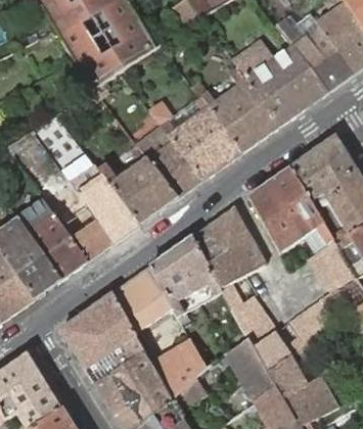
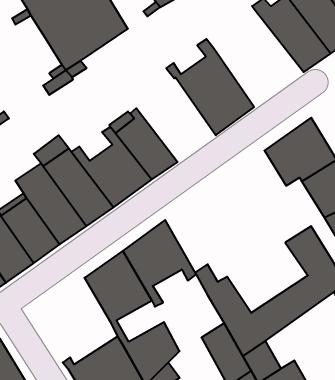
building: [232,37,328,125] -> none
building: [149,95,241,179] -> none
building: [248,168,333,252] -> none
building: [191,206,266,288] -> none
building: [60,293,144,379] -> none

